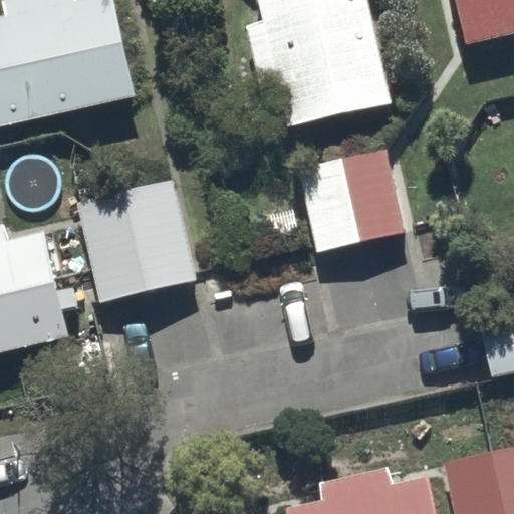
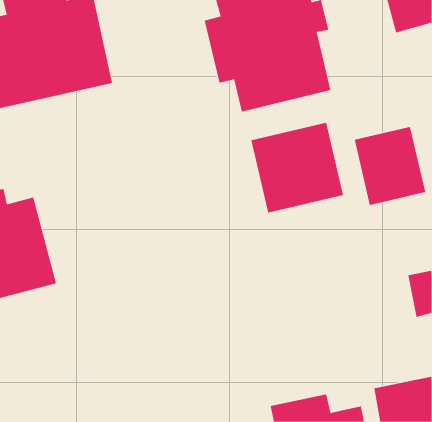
building: none -> [354,126,426,206]
building: [78,183,197,303] -> none

